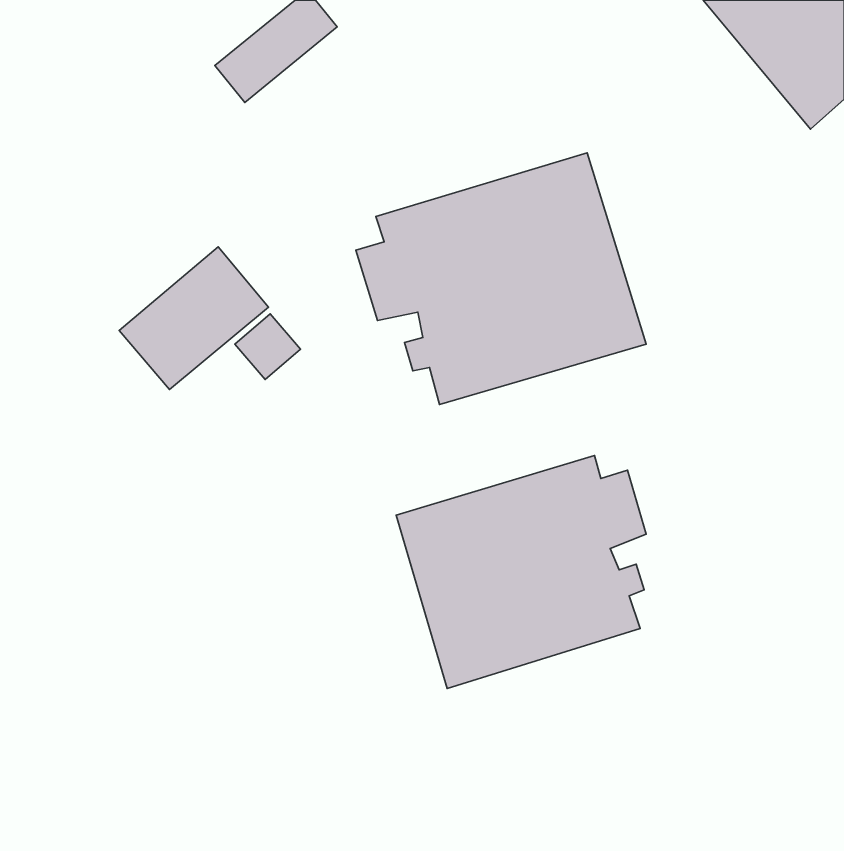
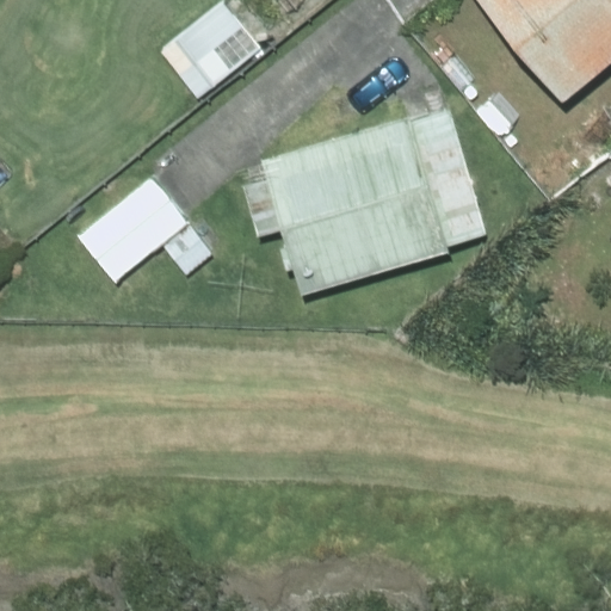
building: [396,455,646,688] -> none

